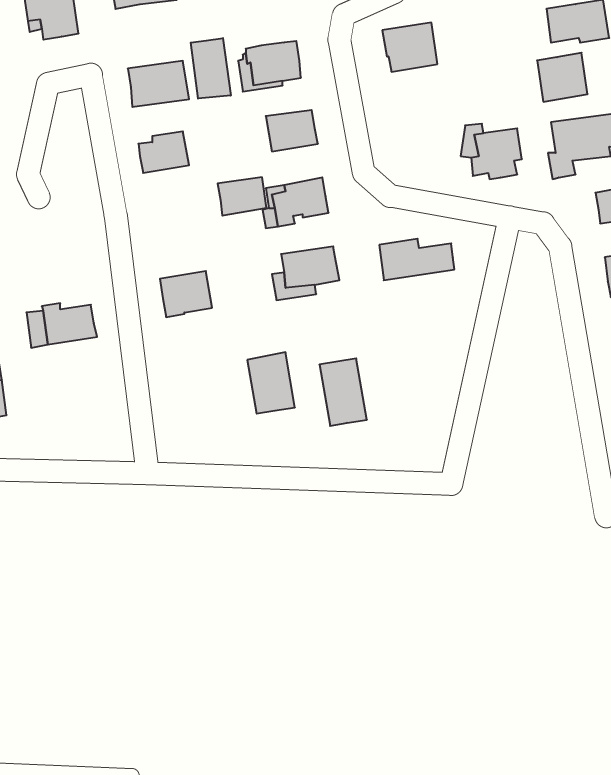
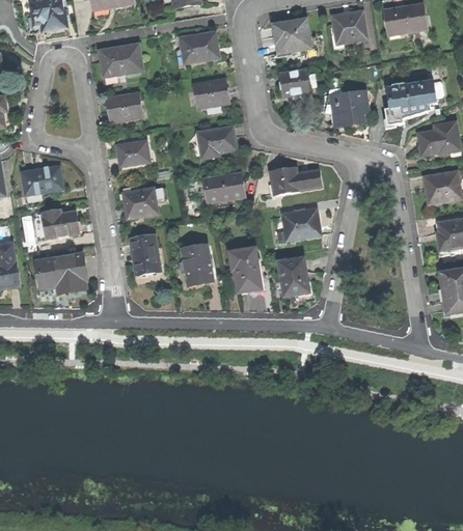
building: [191,38,231,99] -> none
building: [537,53,588,102] -> [332,10,366,44]
building: none -> [279,69,310,95]
building: [218,177,267,216] -> [116,140,149,166]
building: none -> [24,166,64,194]
building: none -> [290,206,327,239]
building: none -> [131,235,161,276]
building: none -> [36,254,86,291]
building: none -> [278,258,309,297]

